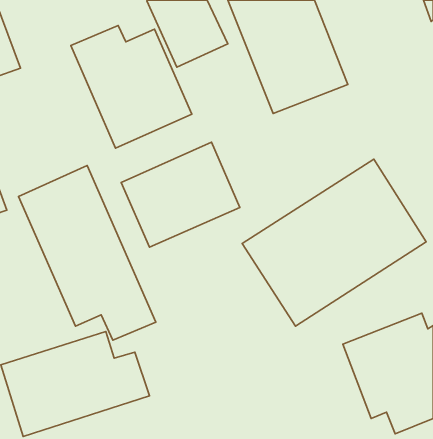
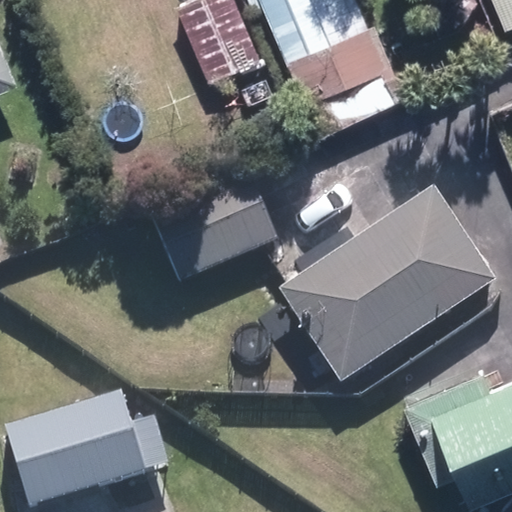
building: [71,25,192,148] -> none
building: [19,166,156,340] -> none

